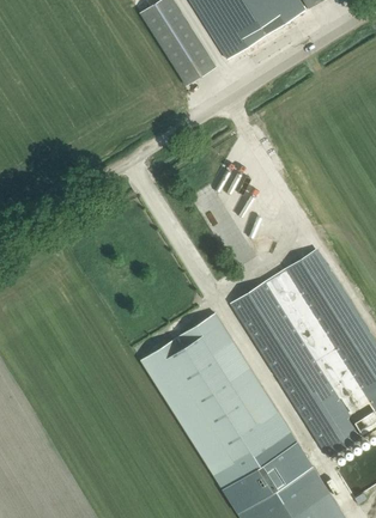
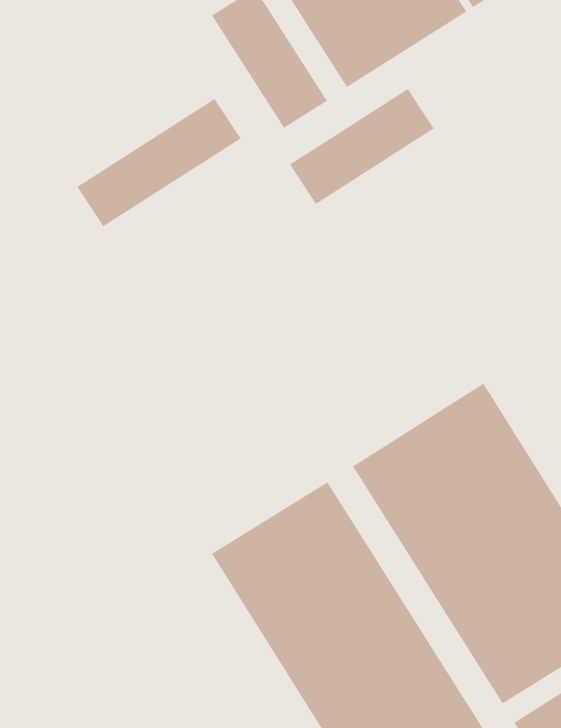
building: none -> [289,88,434,205]
building: none -> [76,98,241,227]

